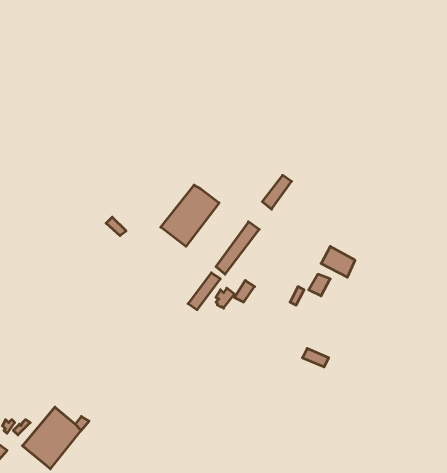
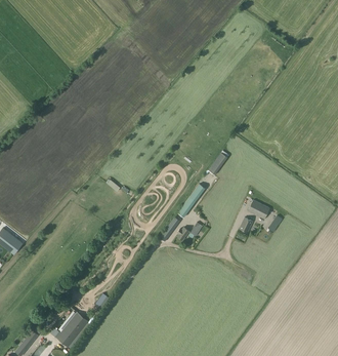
building: [161,185,219,246] -> none

